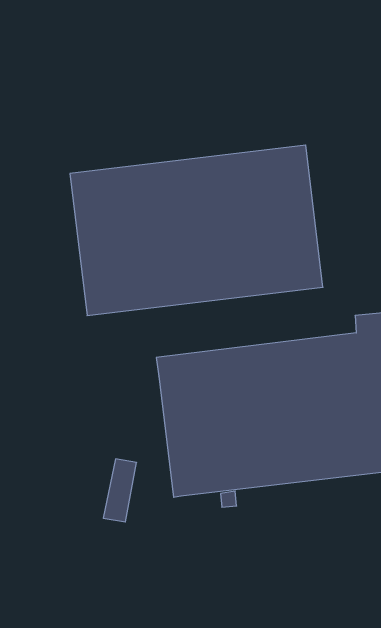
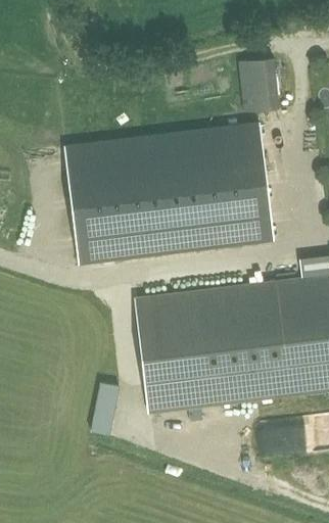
building: none -> [239,59,278,111]

